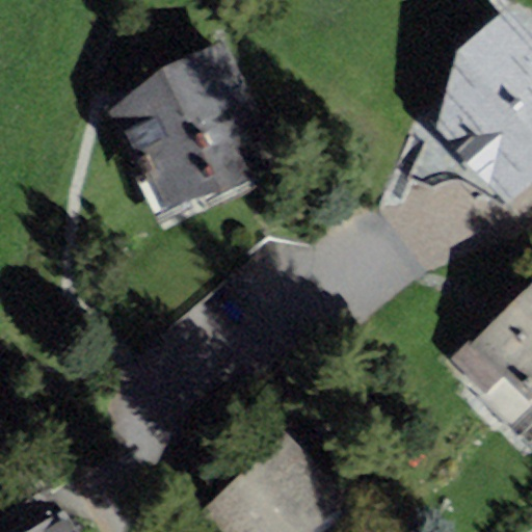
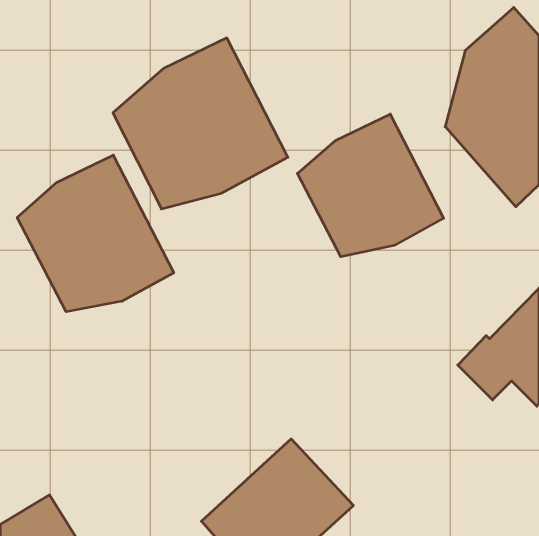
building: none -> [297,114,444,257]
building: none -> [17,155,174,312]

